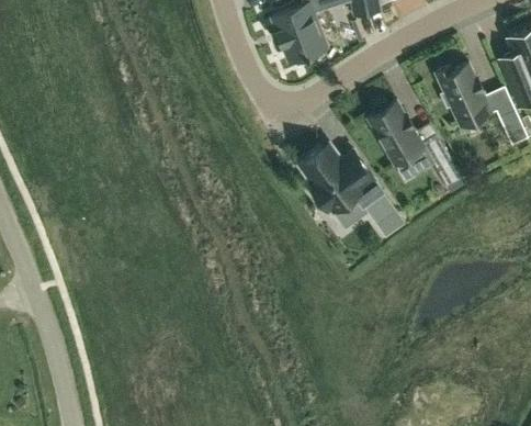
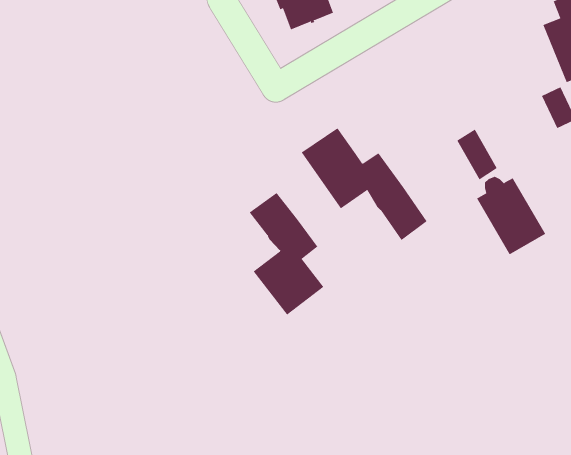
building: [436,64,493,127] -> none
building: [368,100,426,166] -> [476,176,546,255]
building: none -> [249,192,324,316]

